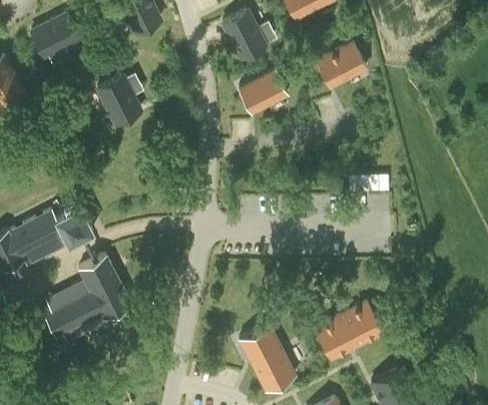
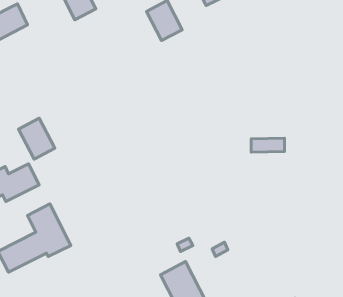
building: [318,45,367,88] -> none
building: [238,71,288,115] -> none
building: [97,77,141,126] -> [18,118,55,159]
building: [316,304,383,361] -> none

